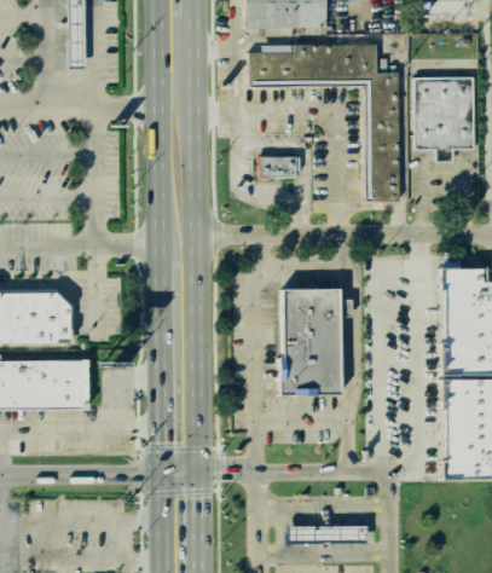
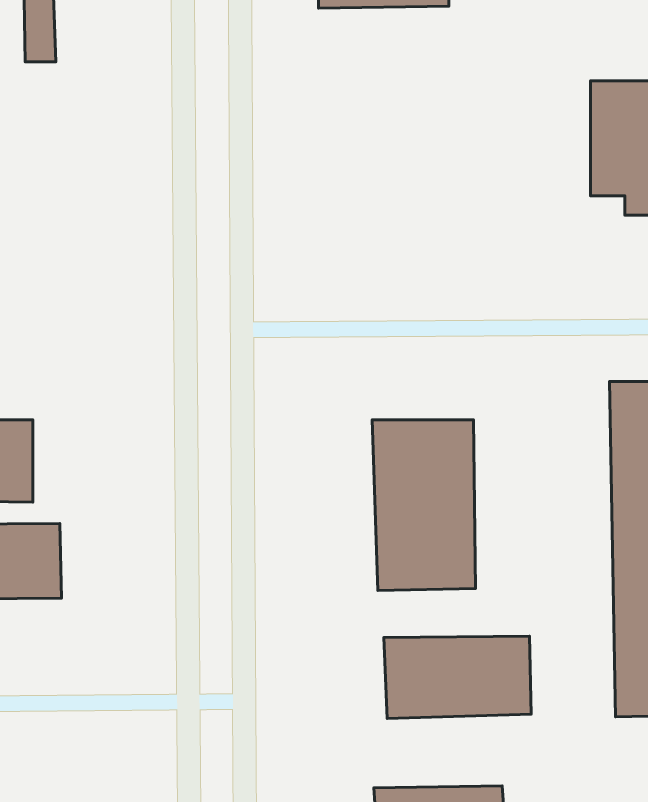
building: [248,40,403,202] -> none
building: [261,160,305,184] -> none
building: none -> [384,636,531,718]

